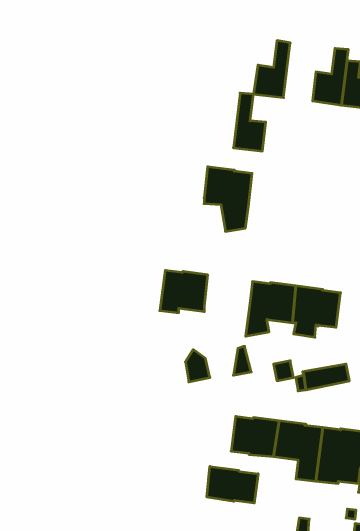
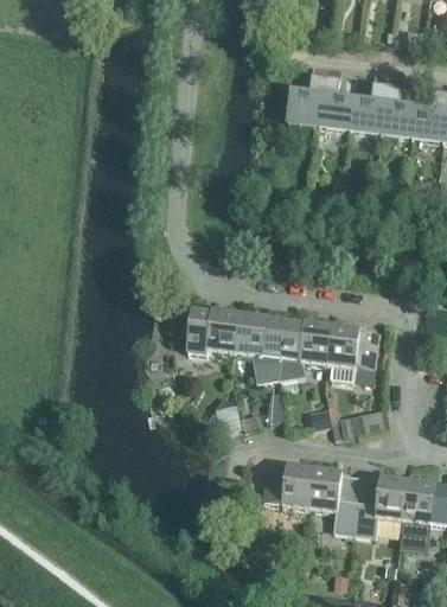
building: [233,93,266,151] -> [320,68,355,129]
building: [204,167,252,231] -> [236,314,287,383]
building: [207,466,258,503] -> none

